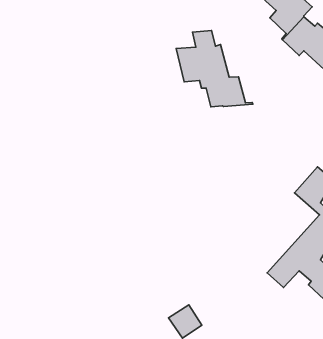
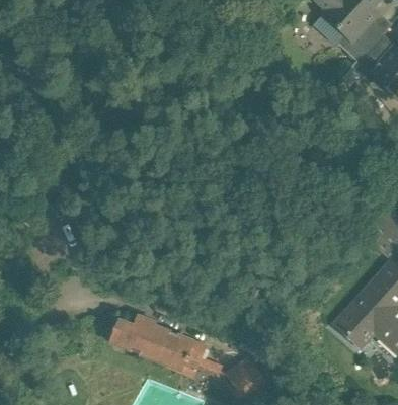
building: [176,30,253,107] -> none
building: none -> [109,314,223,376]

